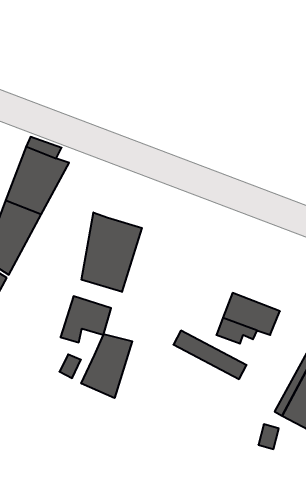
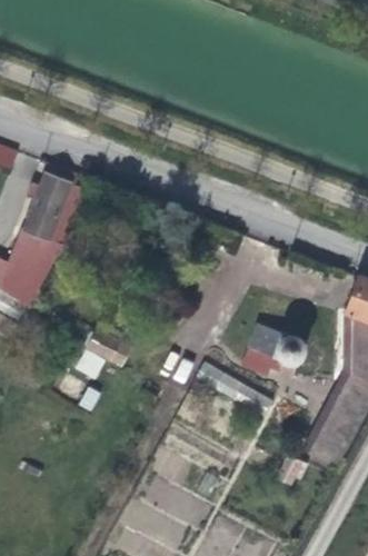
building: [81,212,142,292] -> none
building: [81,334,132,398] -> none

